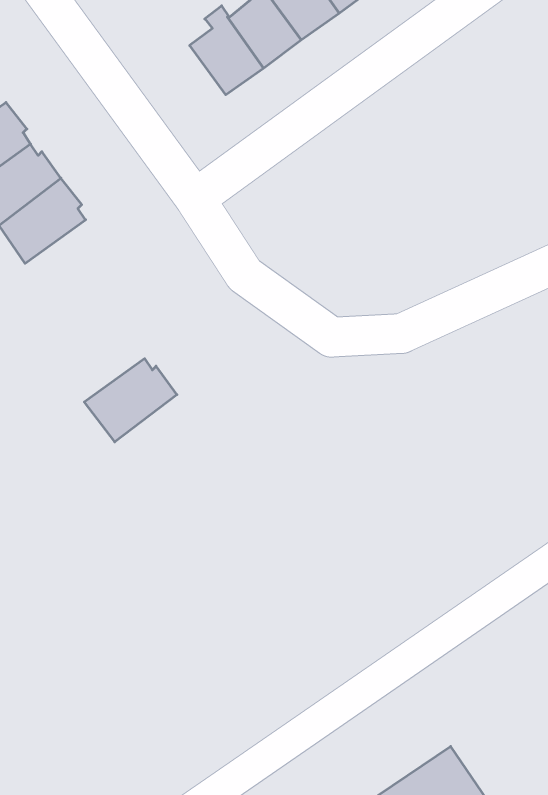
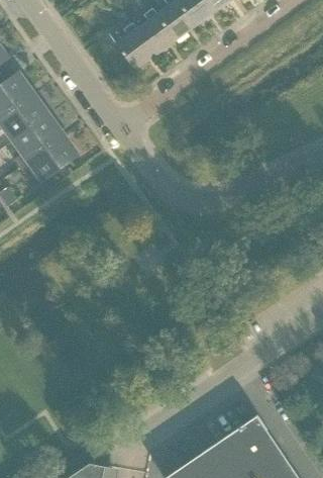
building: [84,359,177,442] -> [28,136,78,181]

